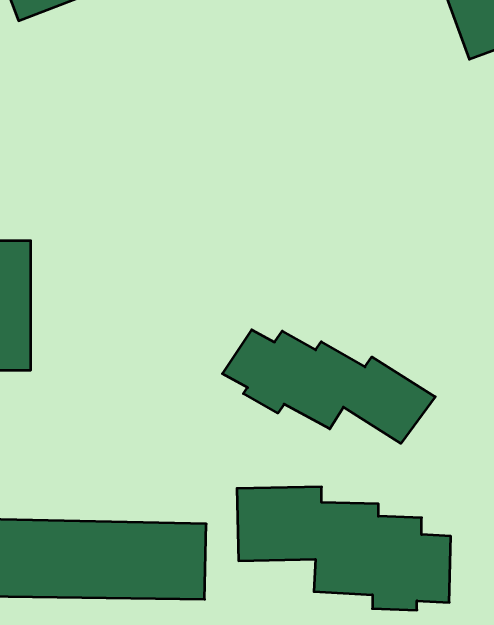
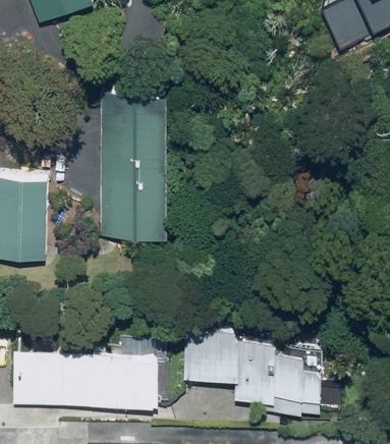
building: none -> [99,89,164,236]
building: [222,330,435,443] -> none

